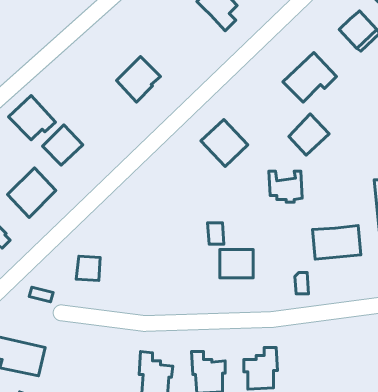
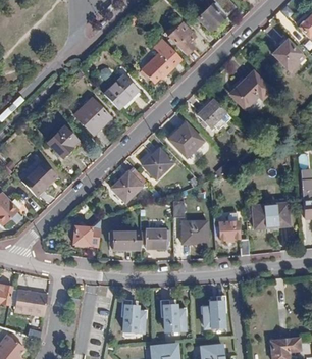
building: none -> [142,49,176,82]
building: [8,95,55,140] -> [75,98,111,132]
building: [289,114,329,155] -> [198,97,228,129]
building: none -> [142,145,184,181]
building: [269,171,302,202] -> [214,217,240,241]
building: none -> [111,168,147,203]
building: none -> [113,229,141,251]
building: none -> [146,229,170,248]

